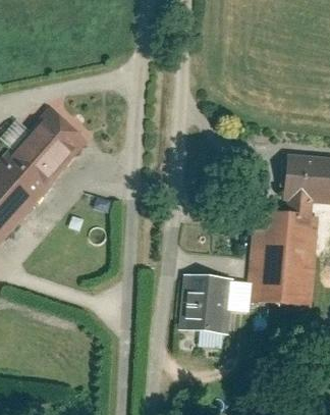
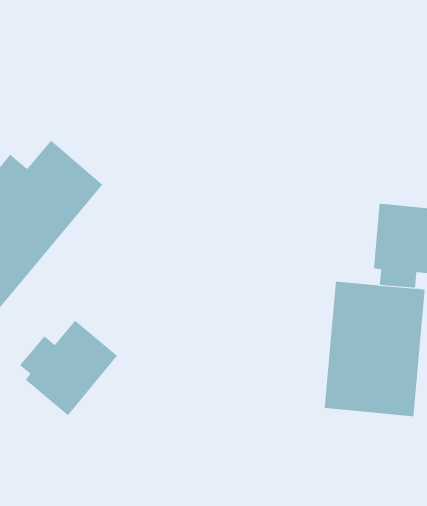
building: none -> [19,320,118,416]
building: [178,274,232,334] -> none

